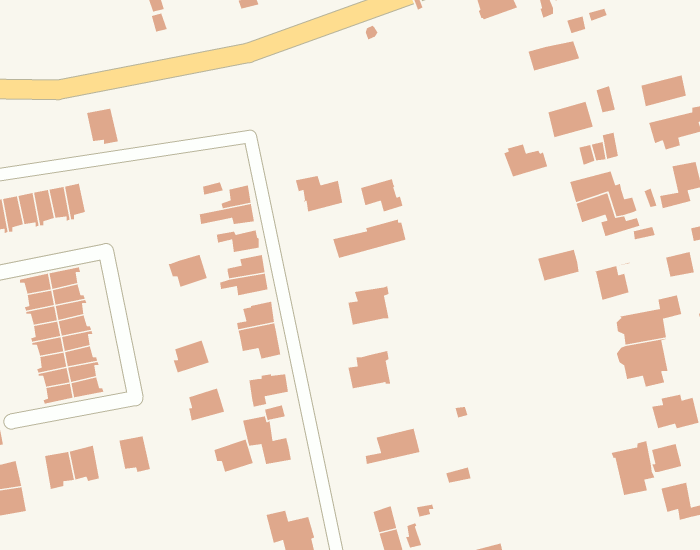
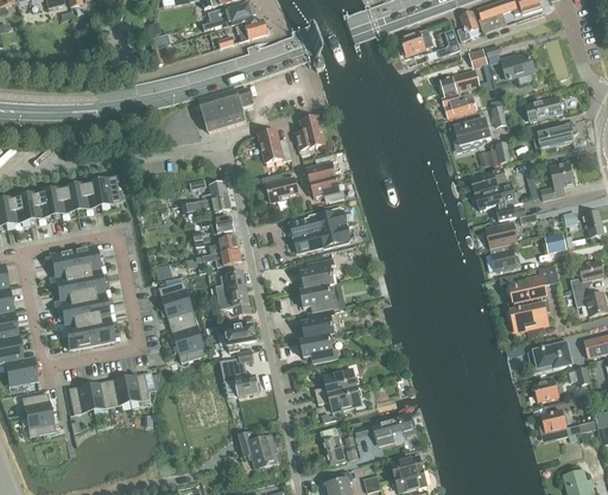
building: none -> [500,51,533,78]
building: none -> [198,88,253,132]
building: none -> [294,116,324,156]
building: [86,108,119,145] -> [95,176,120,204]
building: none -> [258,129,290,161]
building: [503,144,548,178] -> [441,90,475,116]
building: none -> [306,153,340,183]
building: none -> [293,223,350,252]
building: [538,249,579,281] -> [484,222,517,247]
building: [168,254,208,288] -> [158,280,189,306]
building: none -> [299,284,336,312]
building: none -> [299,332,337,362]
building: [214,439,254,473] -> [170,317,201,343]
building: none -> [106,376,129,406]
building: [610,440,655,496] -> none
building: none -> [315,386,361,411]
building: none -> [372,412,412,443]

